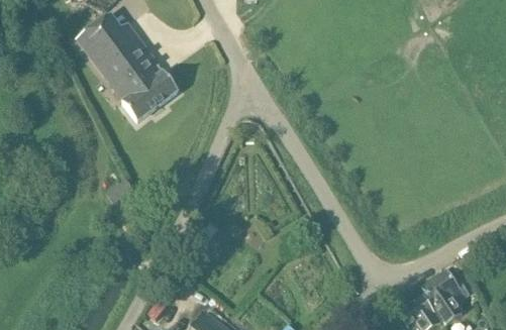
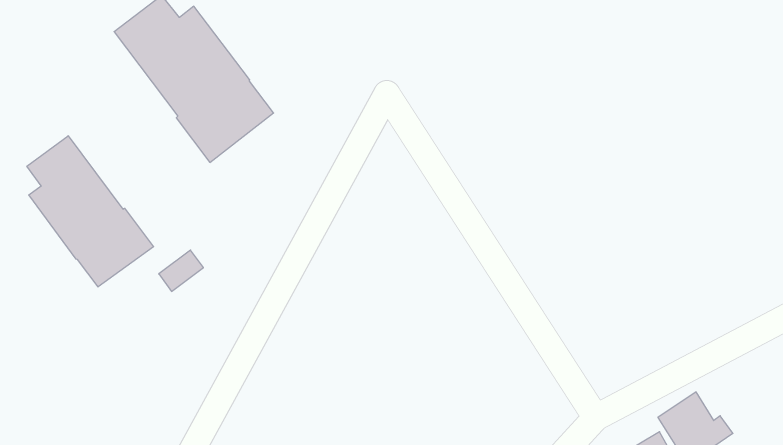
building: none -> [27,136,154,287]

